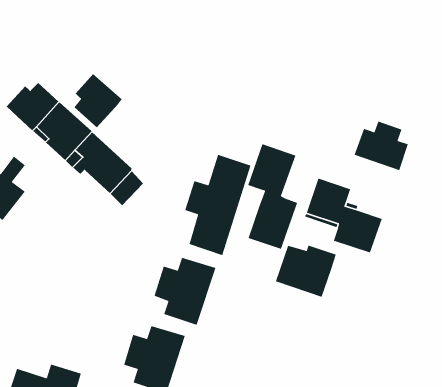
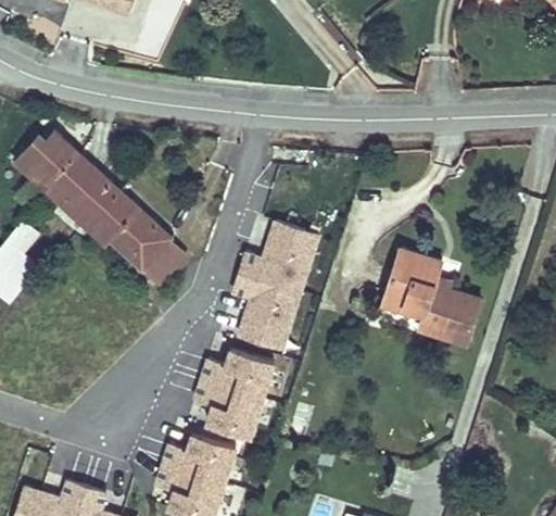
building: [74,73,123,128] -> none
building: [353,120,409,171] -> none
building: [247,143,298,250] -> none
building: [275,245,337,298] -> none

